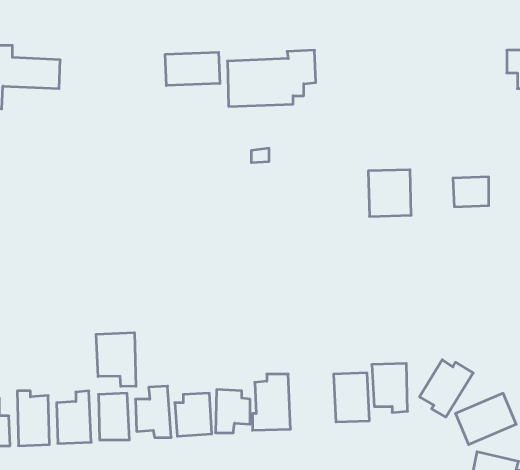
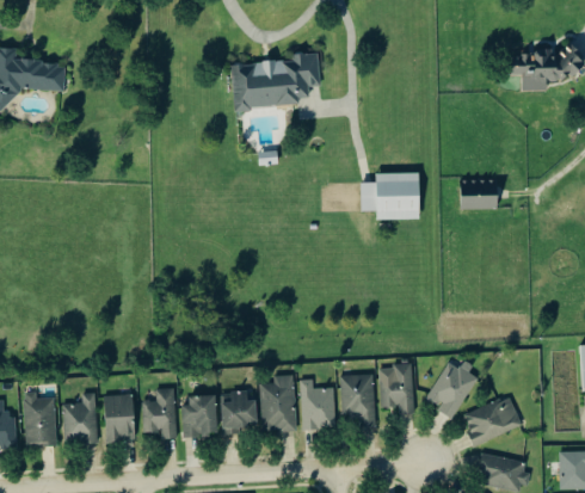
building: [165,52,220,86] -> none
building: [96,333,136,386] -> none
building: none -> [300,380,335,430]

